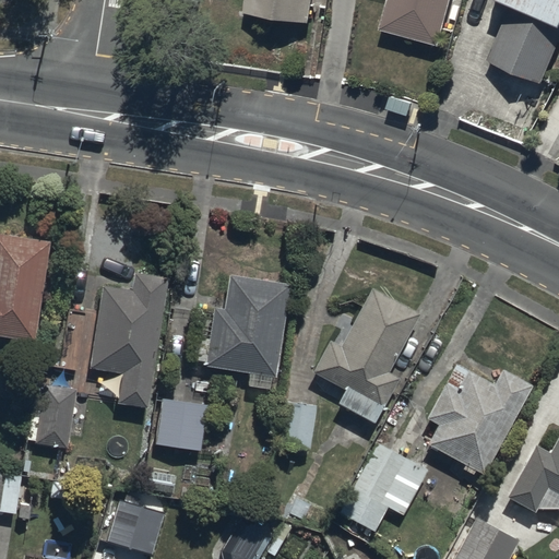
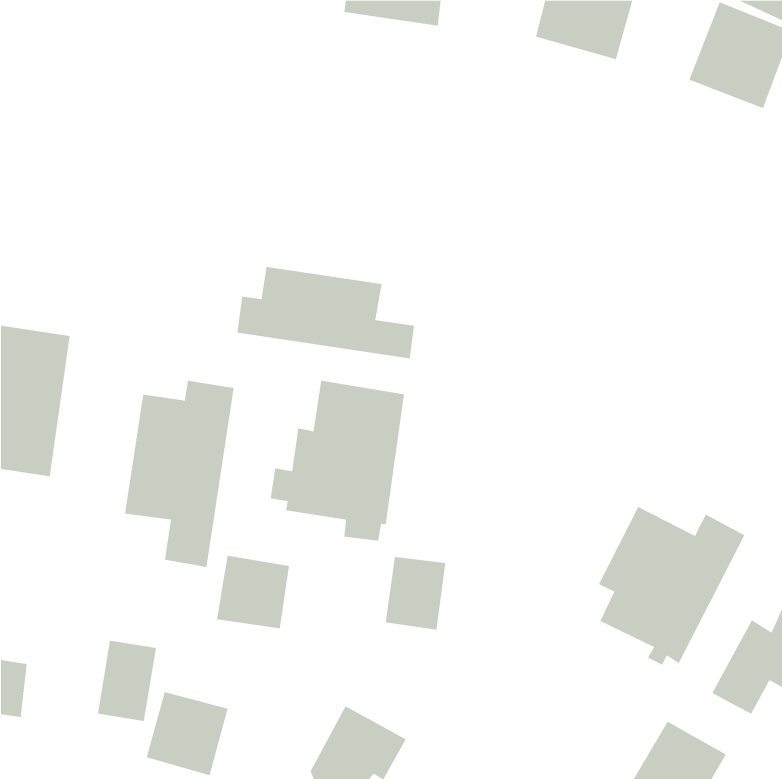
building: none -> [237,266,414,359]
building: [312,287,420,424] -> none
building: [35,391,78,449] -> [97,640,157,721]
building: [338,442,428,533] -> none

